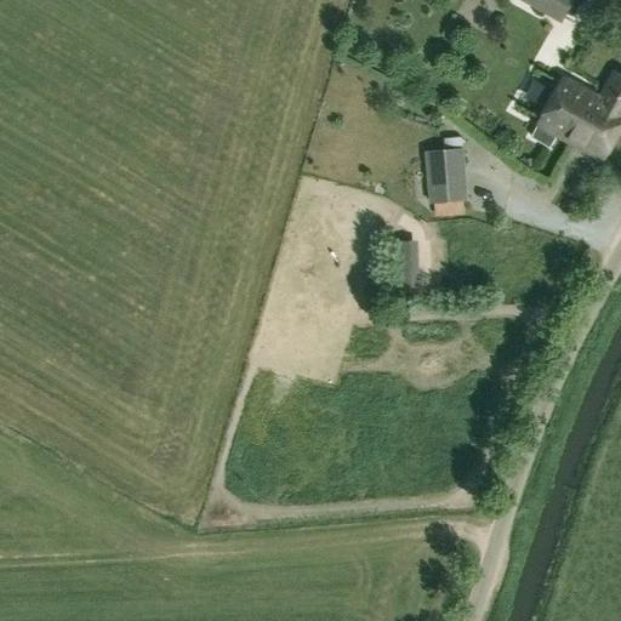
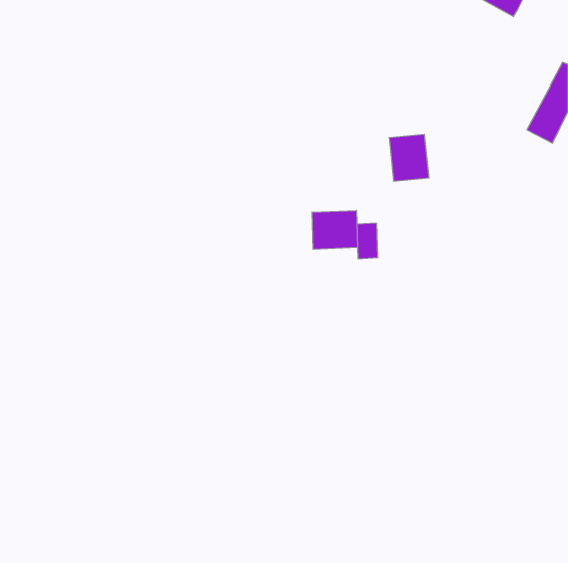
building: [537,74,600,143] -> none
building: none -> [312,210,358,249]

